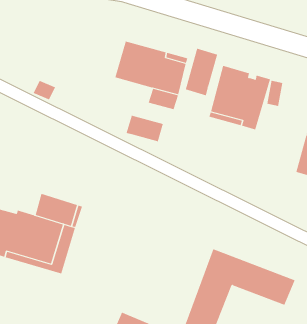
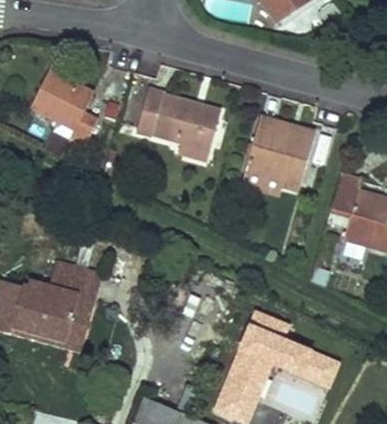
building: none -> [29,67,98,144]
building: [185,48,218,96] -> none
building: [126,115,164,142] -> none

